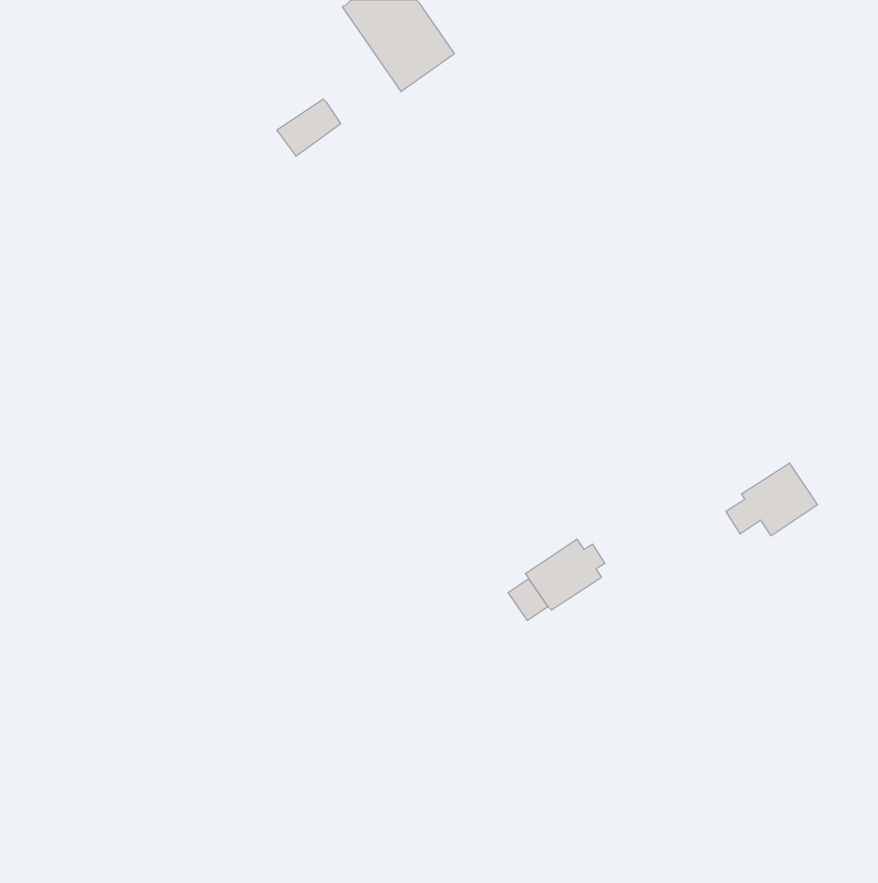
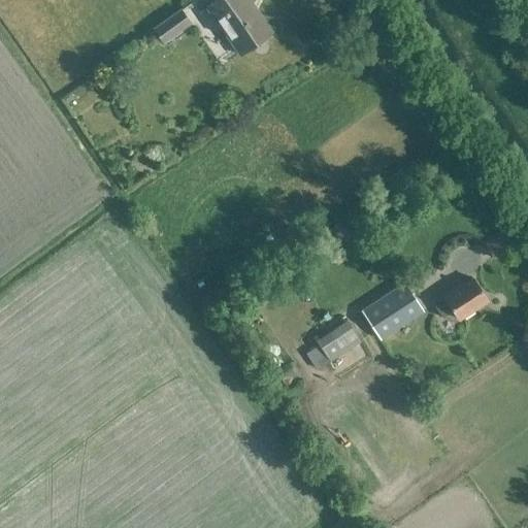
building: [277,99,341,156] -> [154,7,192,41]
building: none -> [363,286,423,339]

